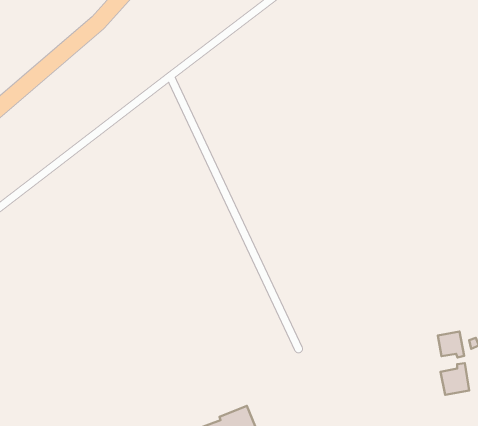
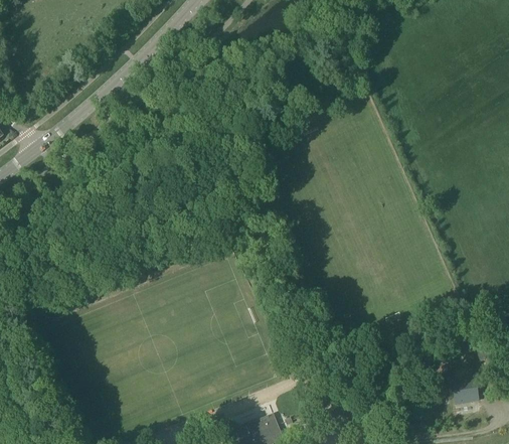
building: [438,332,464,357] -> none

